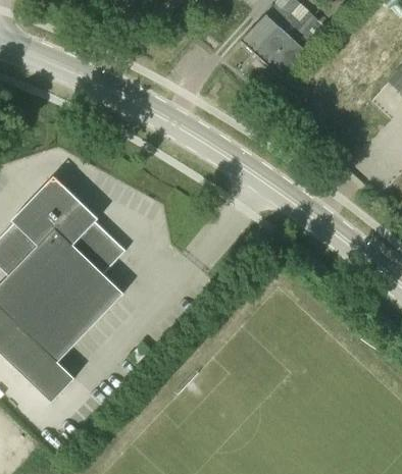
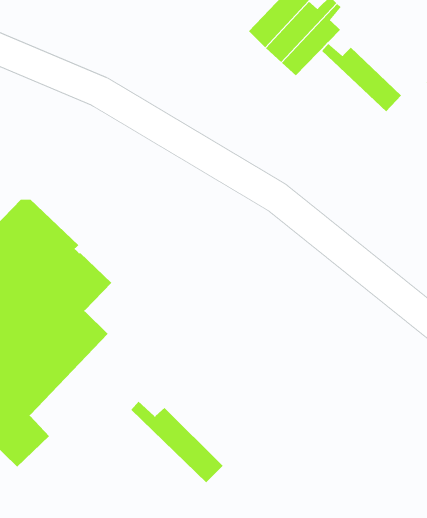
building: none -> [321,43,402,112]
building: none -> [130,401,224,483]

